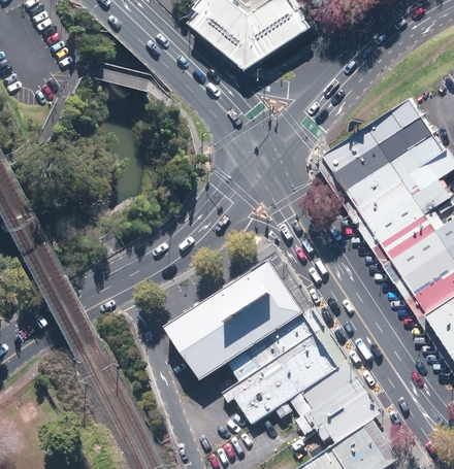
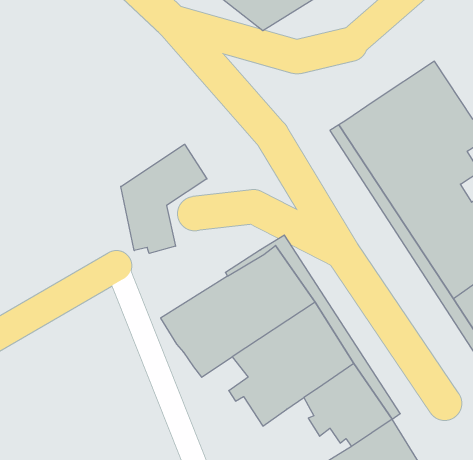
building: none -> [121,144,207,253]

